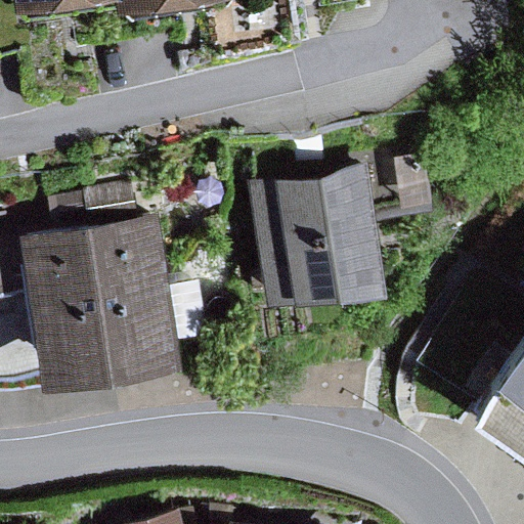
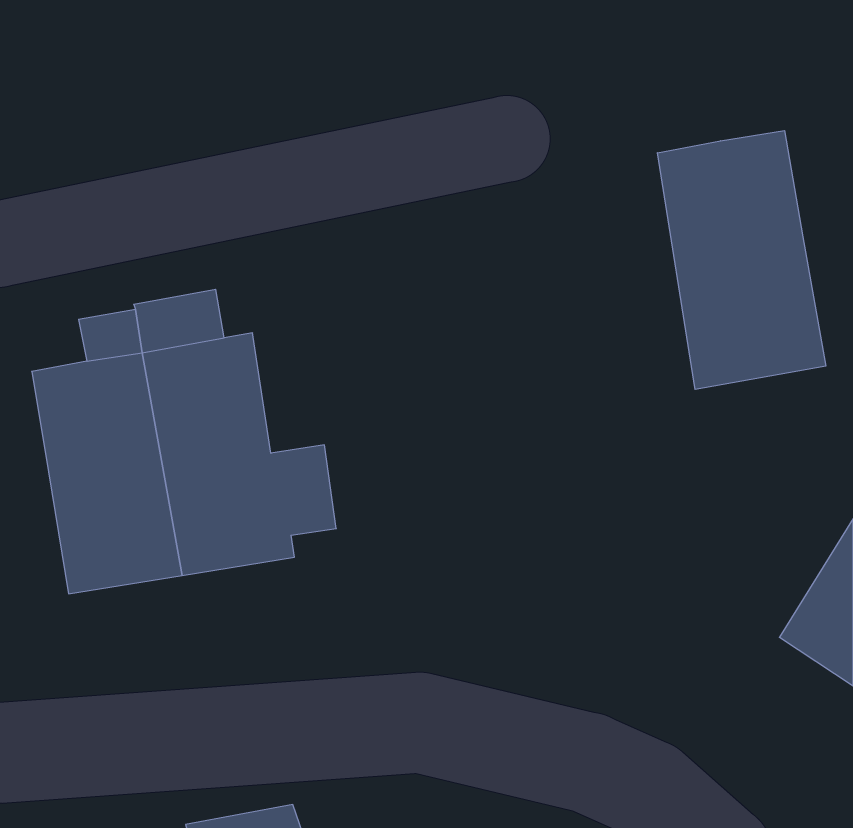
building: none -> [657,131,826,389]
building: [250,168,387,302] -> none

